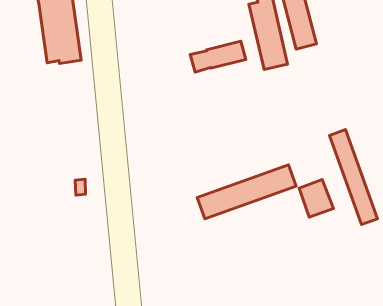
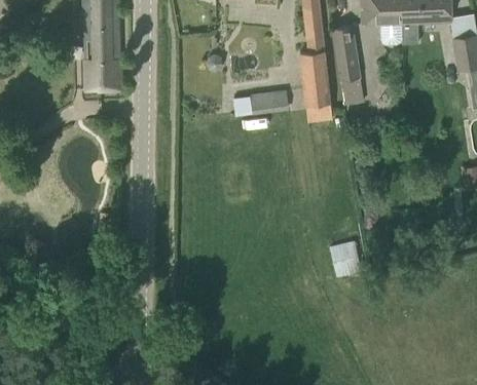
building: [329,130,377,225] -> none
building: [197,165,296,219] -> none

